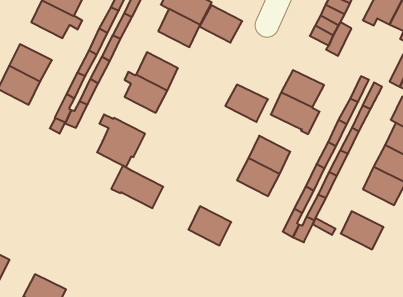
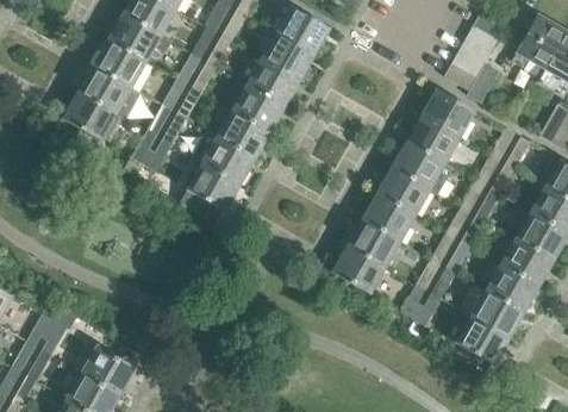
building: [199,5,242,43] -> [246,60,299,106]
building: none -> [93,40,145,88]
building: none -> [423,88,475,136]
building: [225,85,268,122] -> [377,168,430,214]
building: [111,165,163,208] -> [191,130,254,183]
building: none -> [485,264,537,312]
building: [188,206,231,245] -> [332,245,385,294]
building: none -> [455,317,507,364]

